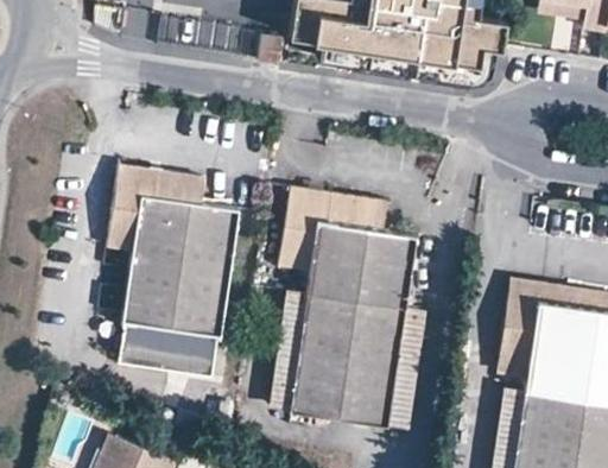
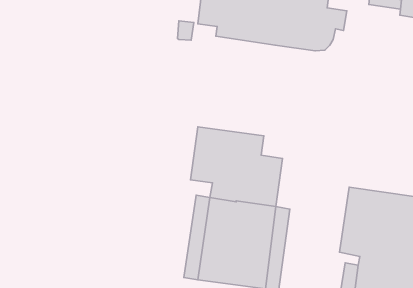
building: [109,165,238,378] -> none

